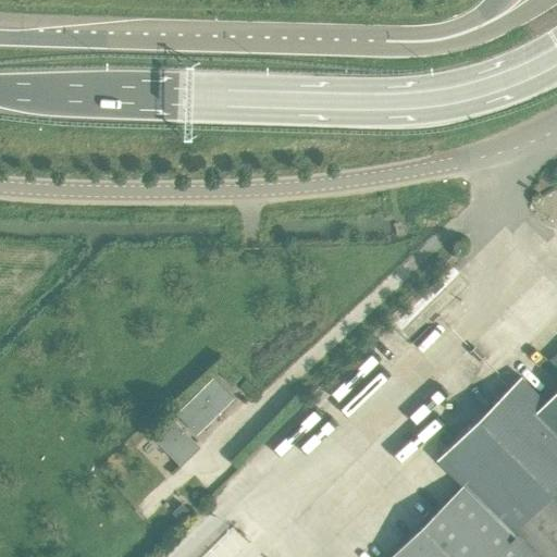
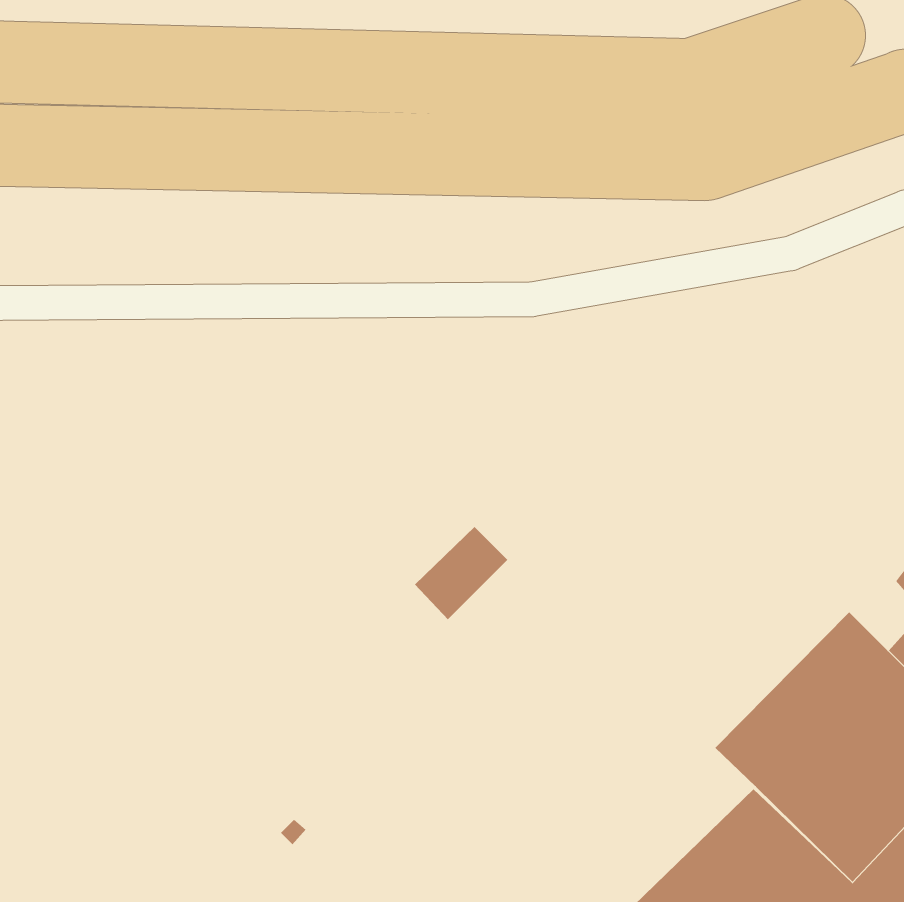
building: [177,379,235,436] -> [414,526,508,620]
building: [153,420,201,468] -> none

